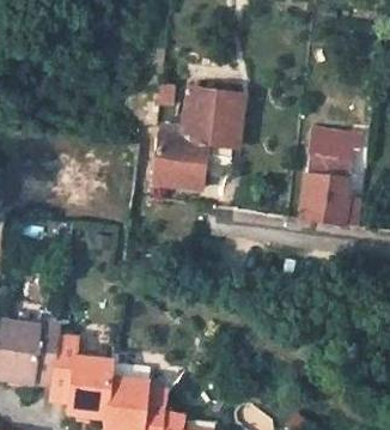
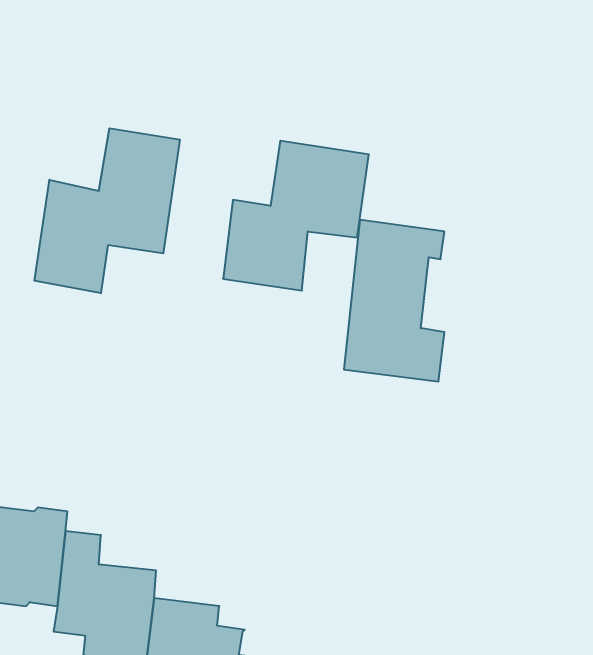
building: none -> [34,128,180,293]
building: [299,128,360,226] -> [344,220,444,381]

